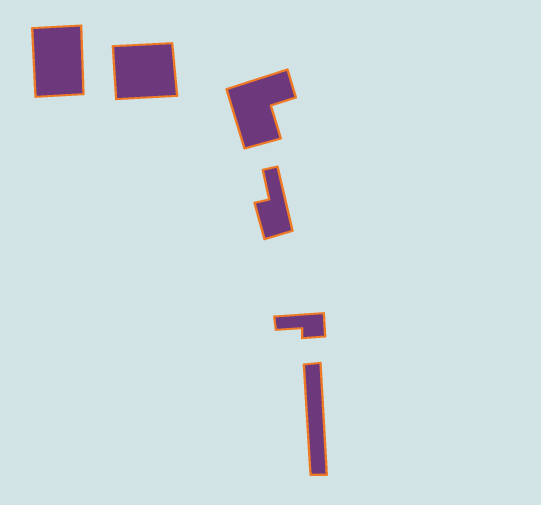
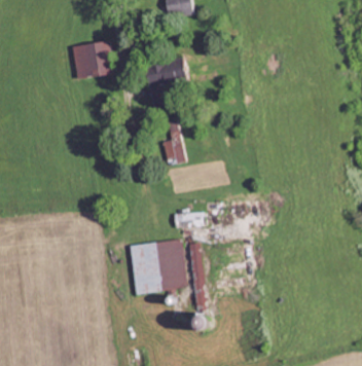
building: [32,25,83,97] -> none
building: none -> [131,240,187,294]

